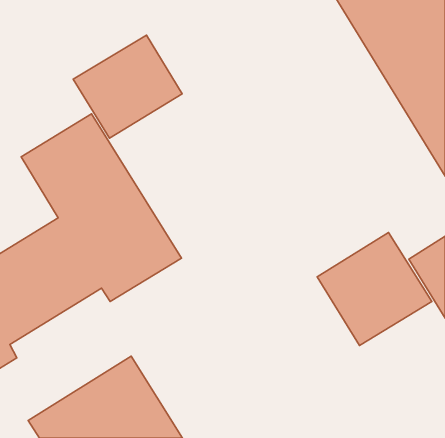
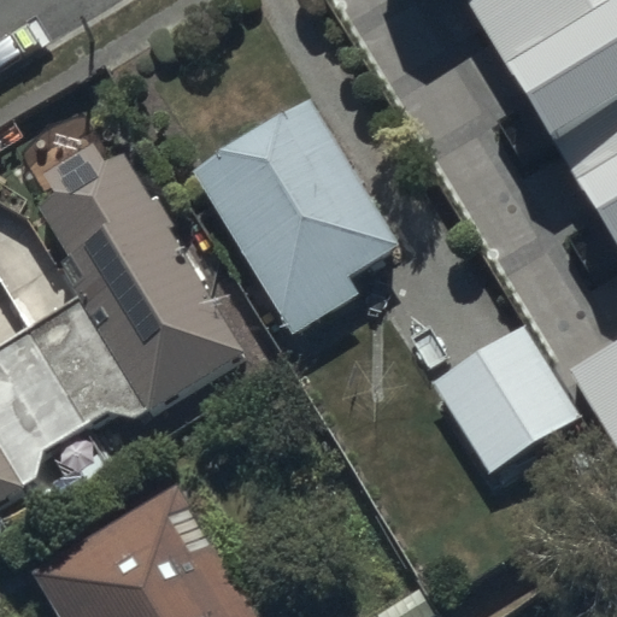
building: [73,35,182,138] -> none
building: none -> [195,104,401,336]

